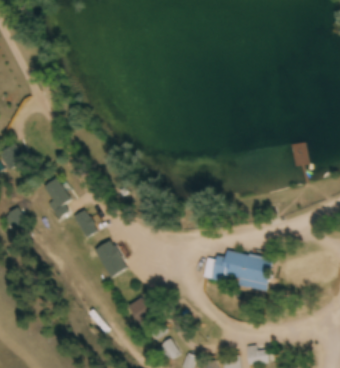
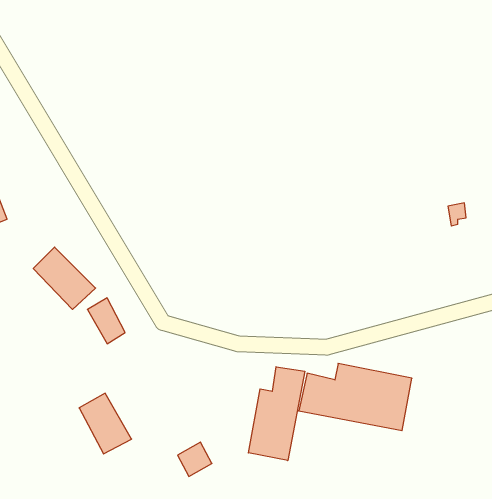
building: [95,240,127,277] -> [79,393,132,454]
building: none -> [248,367,305,461]

